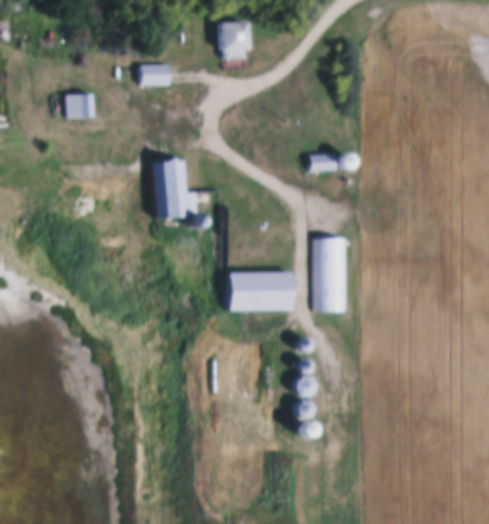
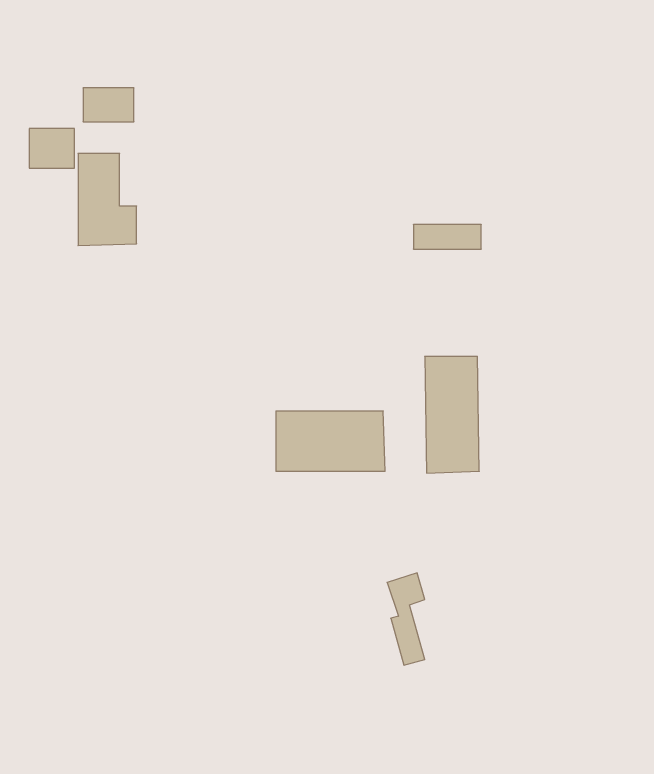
building: [216,21,248,61] -> none
building: [140,65,172,87] -> [83,88,134,122]
building: [158,160,195,219] -> [78,153,137,246]

